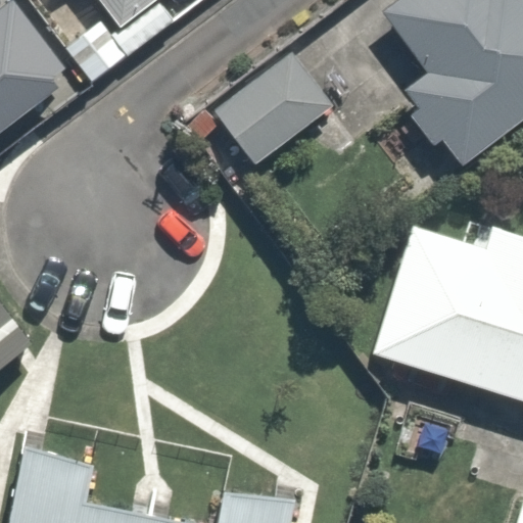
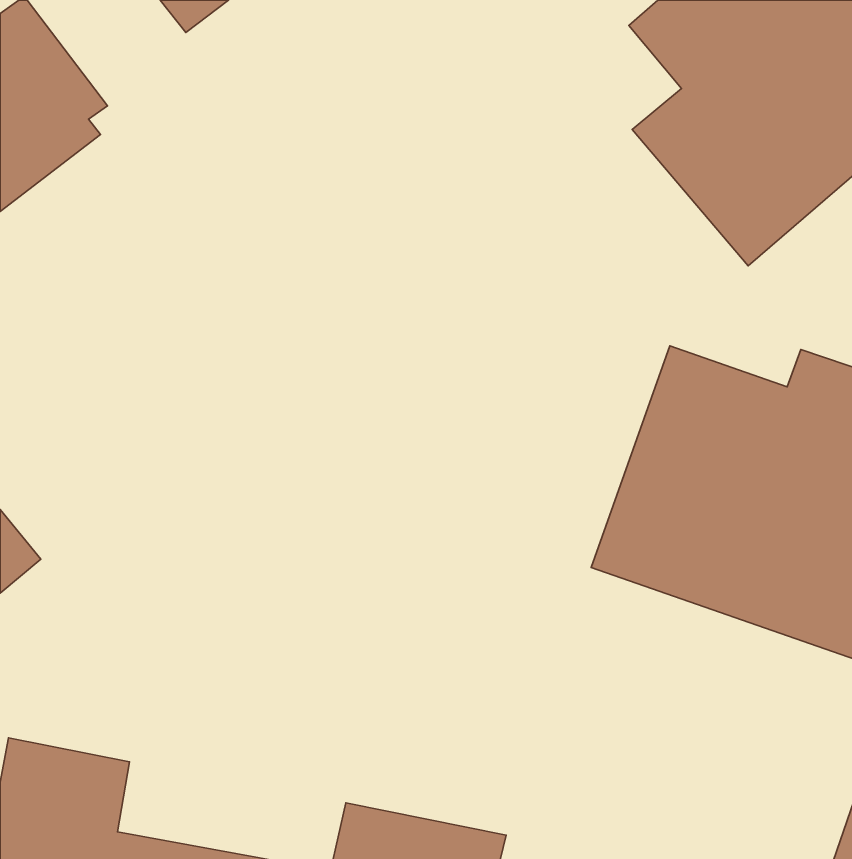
building: [213,59,332,172] -> none

